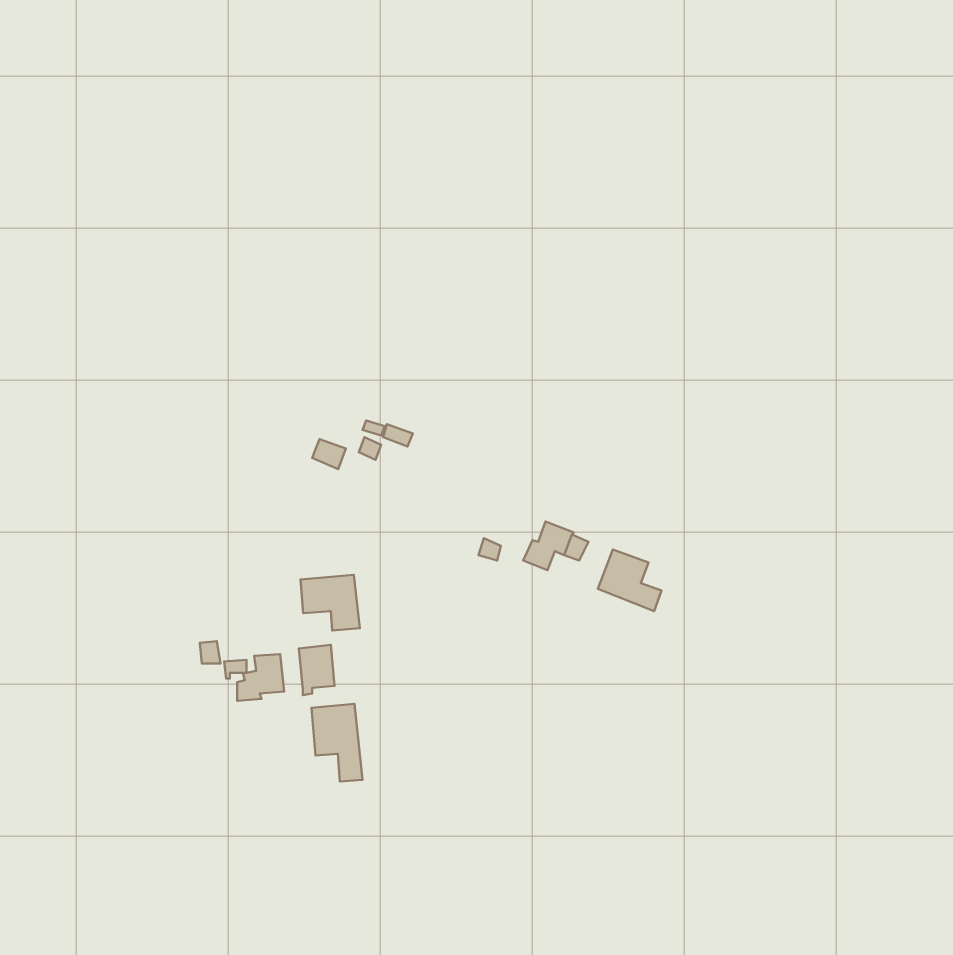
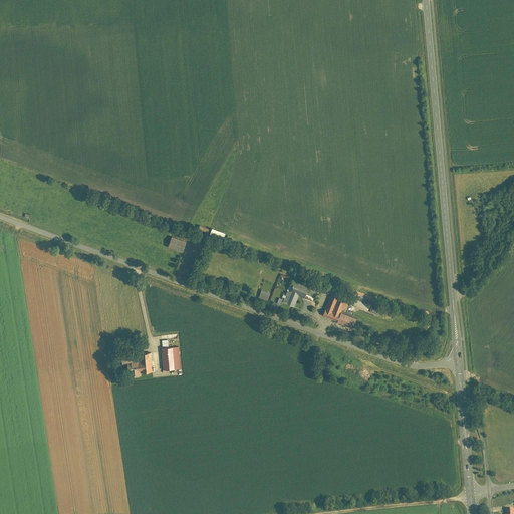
building: [301,575,360,631] -> none
building: [311,704,362,781] -> none

